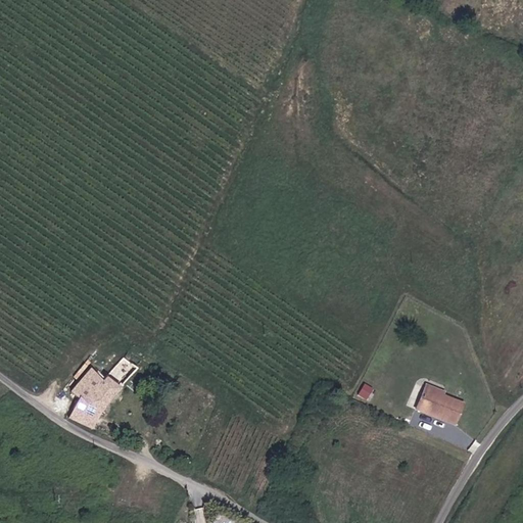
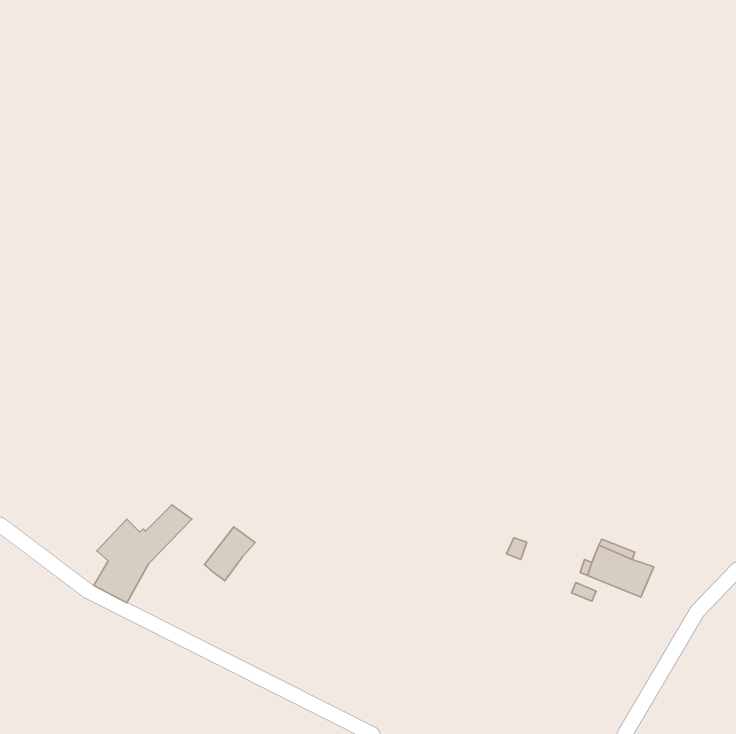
building: none -> [205,527,255,581]

